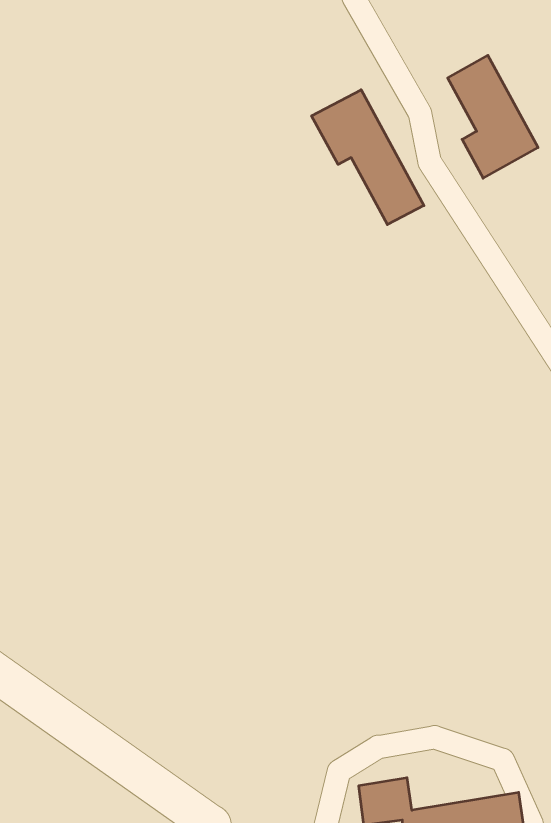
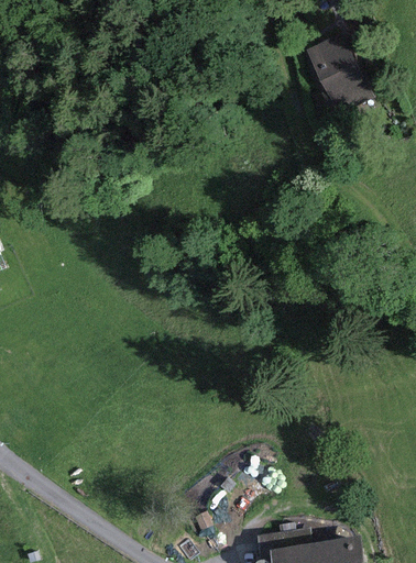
building: [312,90,424,225] -> none

